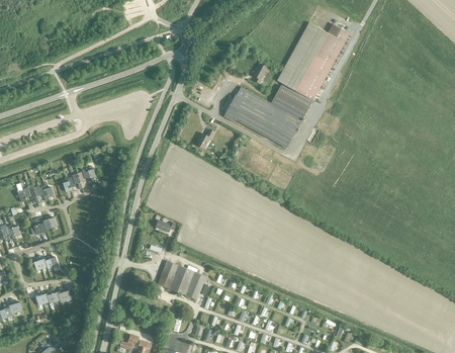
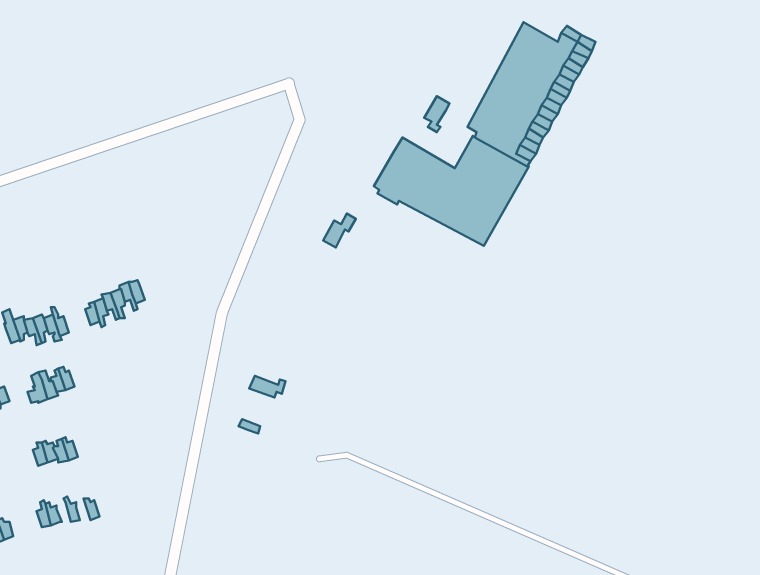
building: [157,261,205,300] -> none

